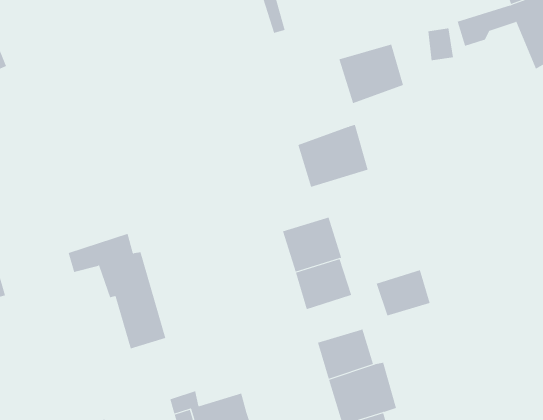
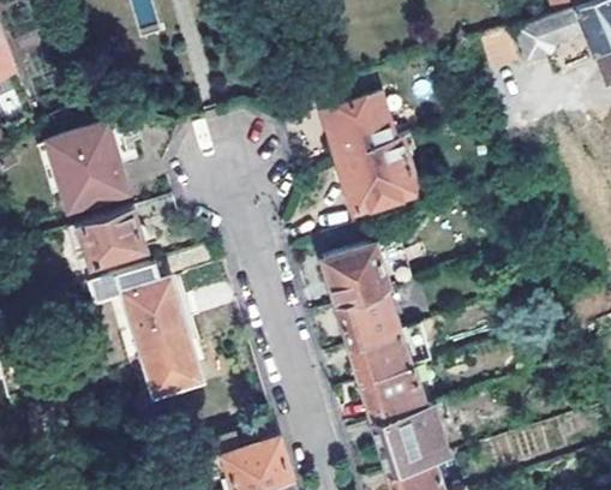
building: [338,44,404,104] -> [324,100,396,166]
building: none -> [49,122,127,211]
building: none -> [82,210,144,267]
building: [376,269,430,316] -> [349,331,409,383]

